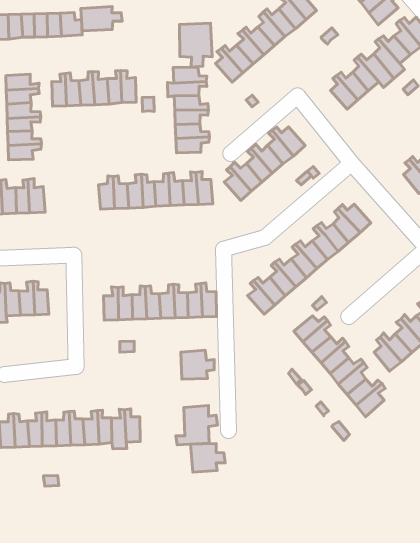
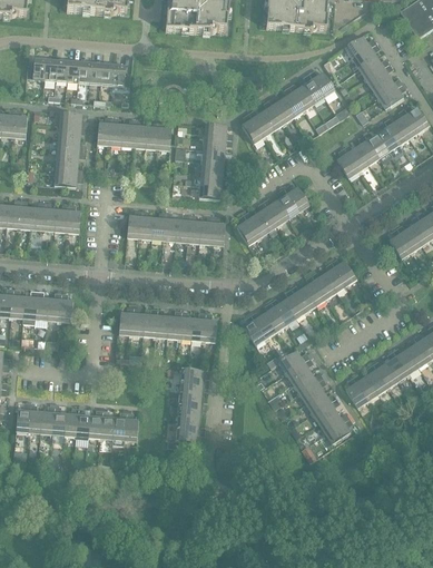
building: [81,6,122,31] -> none
building: [180,23,212,67] -> none
building: [190,443,225,472] -> [177,392,206,418]

